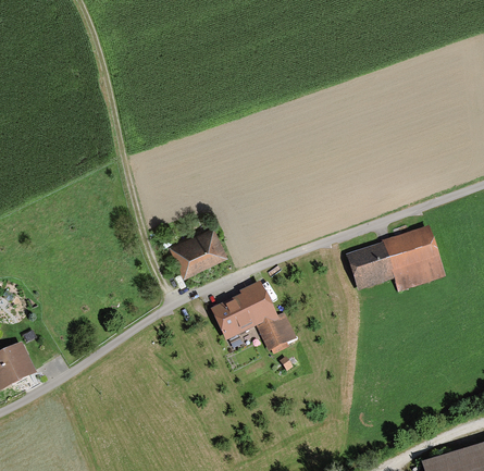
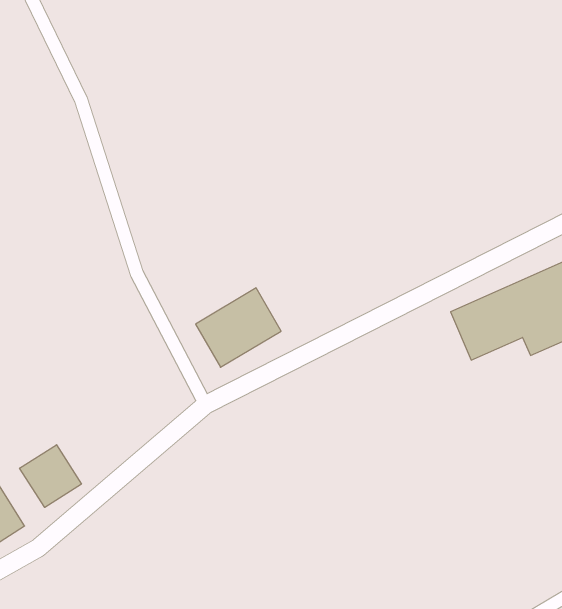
building: [206,287,295,354] -> none
building: none -> [20,445,81,507]

